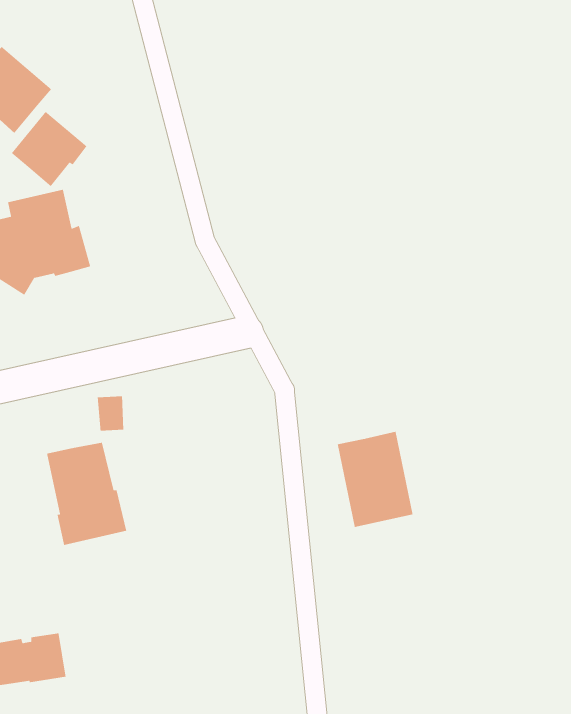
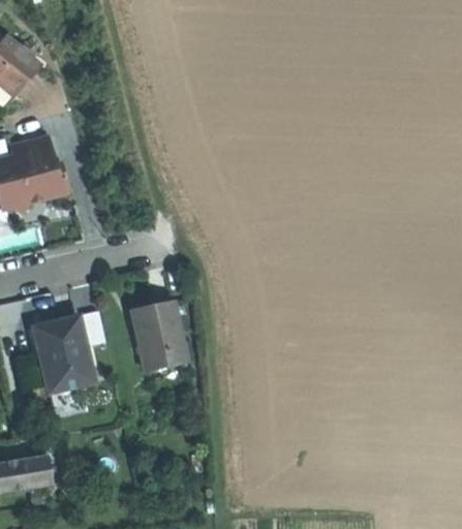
building: [11,111,87,187] -> none
building: [337,431,413,528] -> [133,301,188,370]

